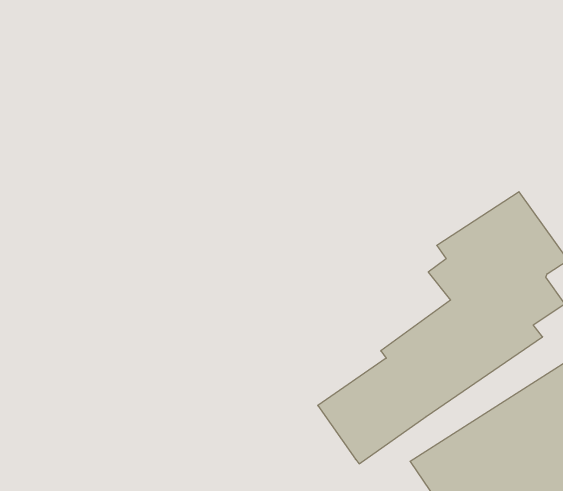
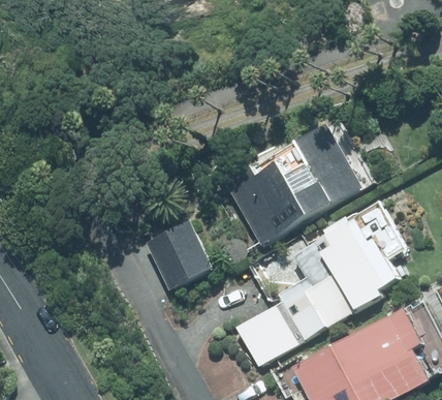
building: none -> [229,128,366,247]
building: none -> [149,224,220,294]

